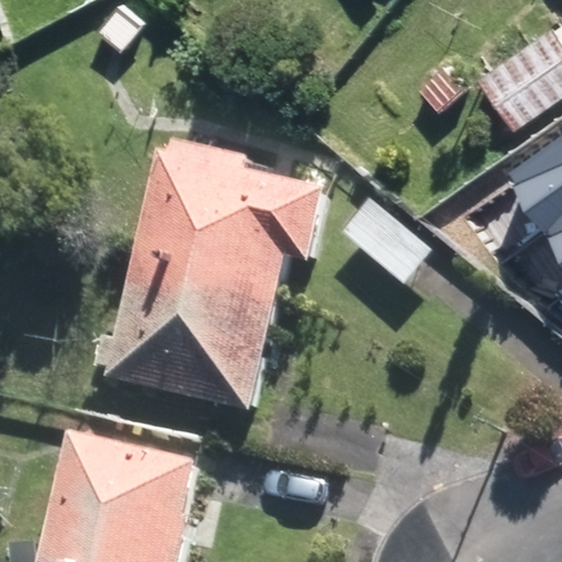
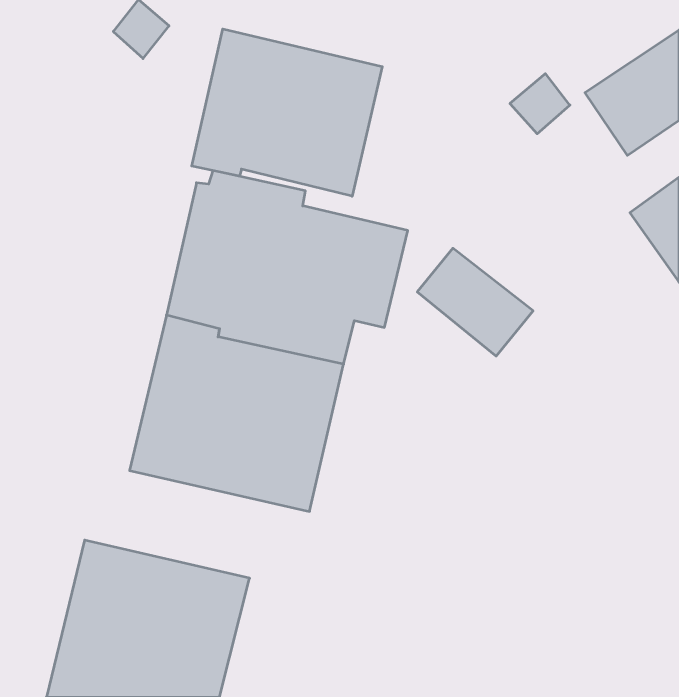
building: none -> [192,29,382,196]

